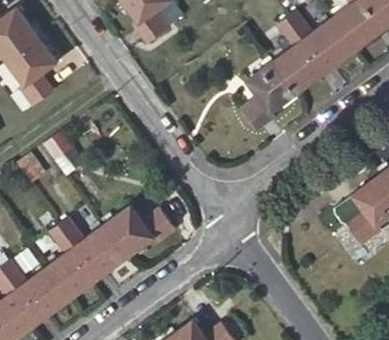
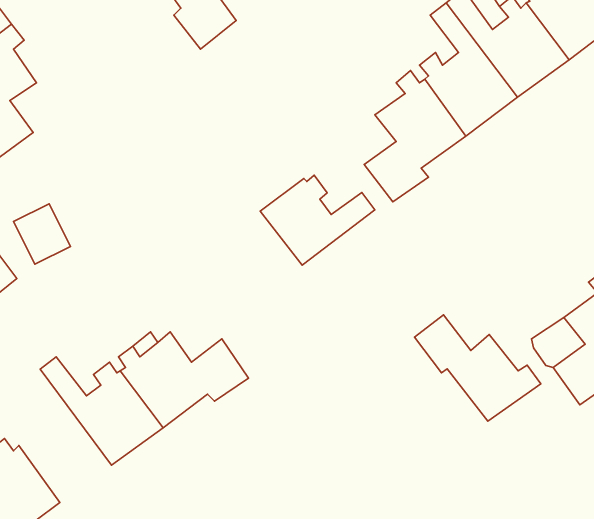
building: none -> [260,175,375,265]
building: none -> [414,315,541,421]
building: [43,225,98,300] -> none

